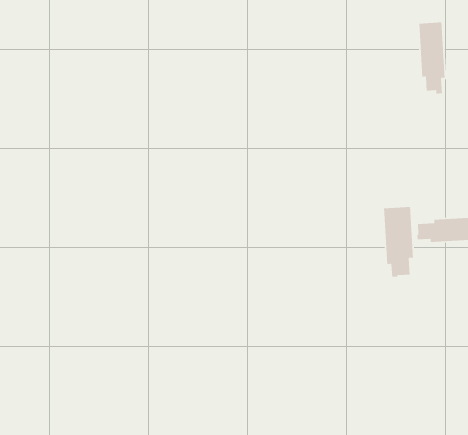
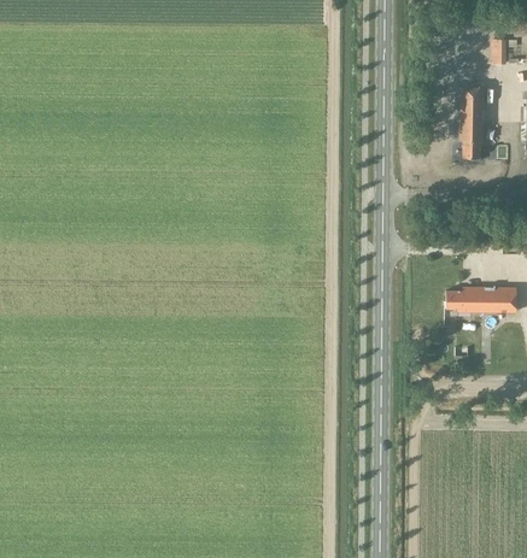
building: [383,206,414,278] -> none

